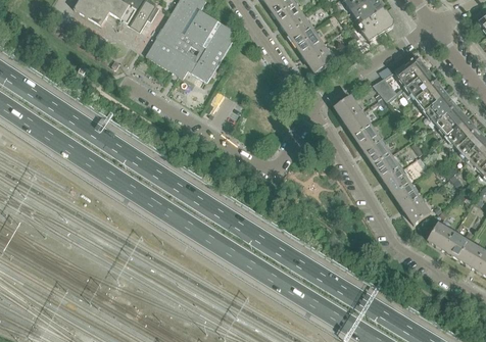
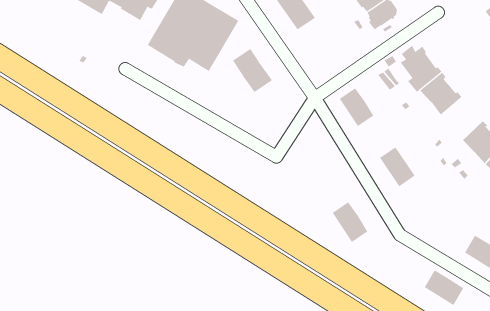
building: [294,29,334,72] -> [232,48,273,93]
building: [435,106,477,149] -> none
building: [353,120,391,166] -> none
building: [394,184,430,225] -> [332,201,368,243]
building: [429,224,469,259] -> [424,269,464,306]

